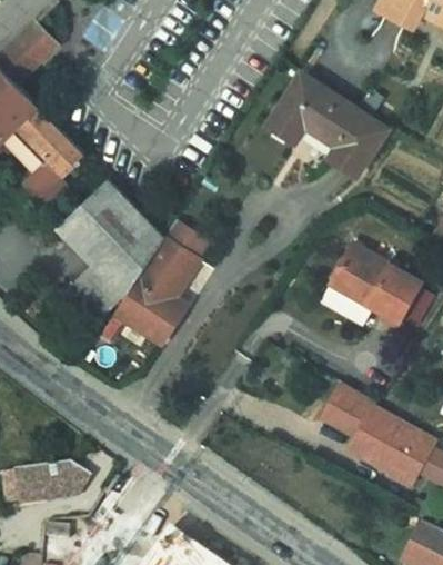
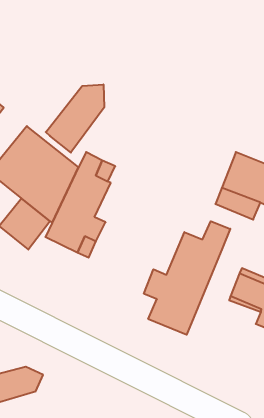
building: [268,73,386,177] -> none
building: none -> [46,84,104,153]
building: none -> [144,221,230,335]

